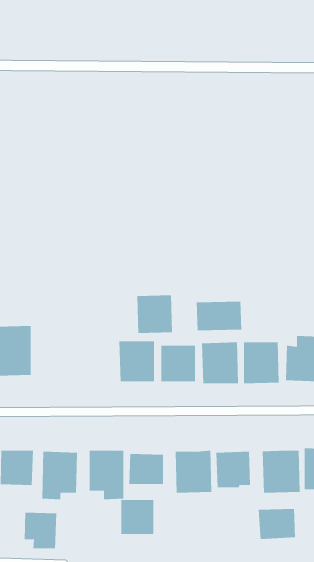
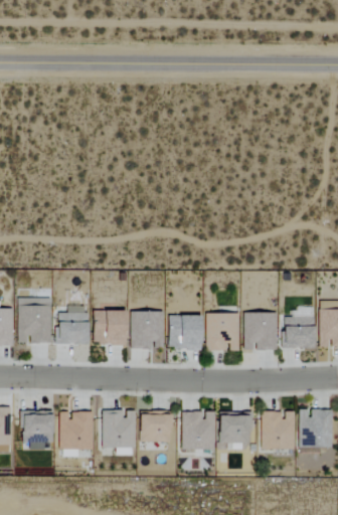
building: [136,295,173,334] -> [94,309,127,344]
building: [196,301,242,331] -> none
building: none -> [58,306,88,343]
building: [121,499,154,535] -> none
building: [258,508,295,540] -> none
building: [24,512,57,549] -> none

